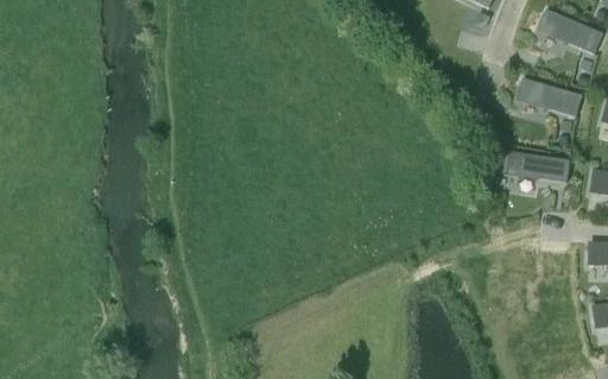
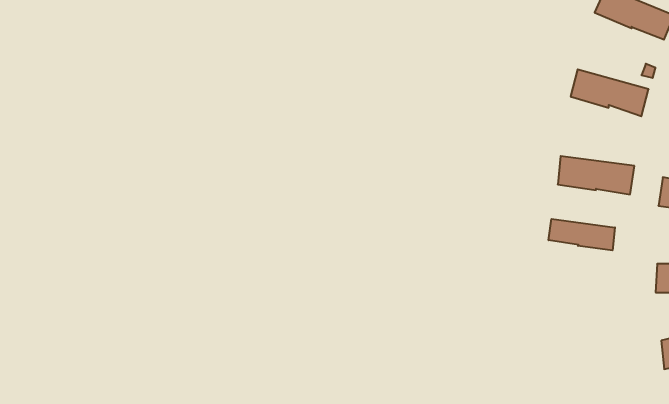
building: none -> [549,219,615,250]

